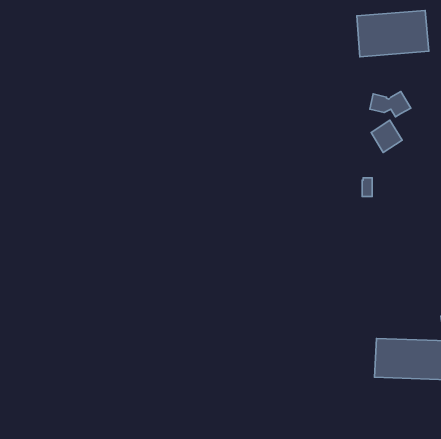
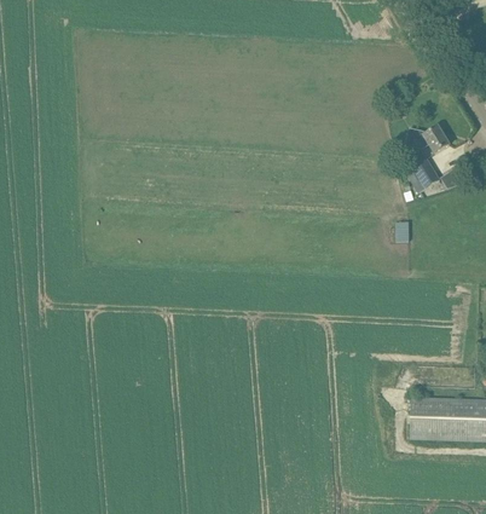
building: [357,10,429,57] -> none

